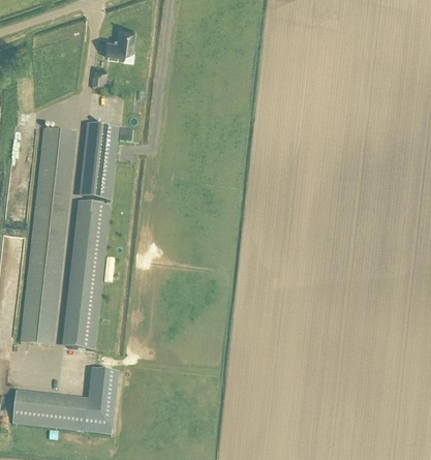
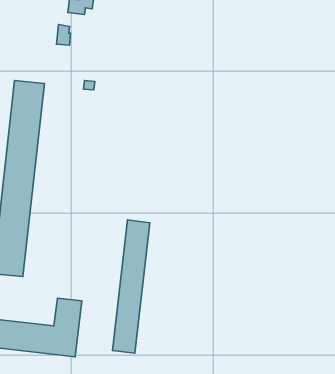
building: [83,124,116,200] -> none
building: [66,202,107,349] -> [113,220,150,353]

